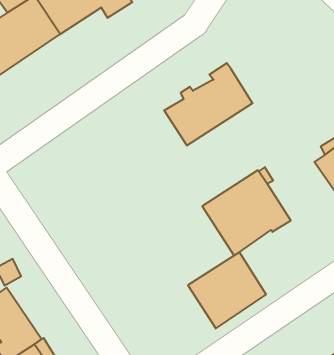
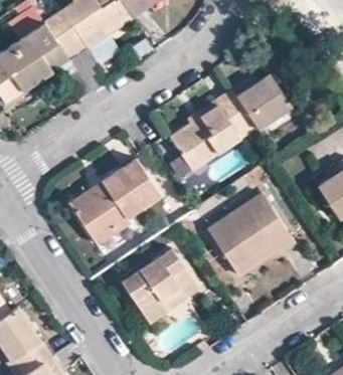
building: none -> [235,72,291,130]
building: none -> [69,160,159,245]
building: [188,252,266,329] -> [122,248,198,323]

